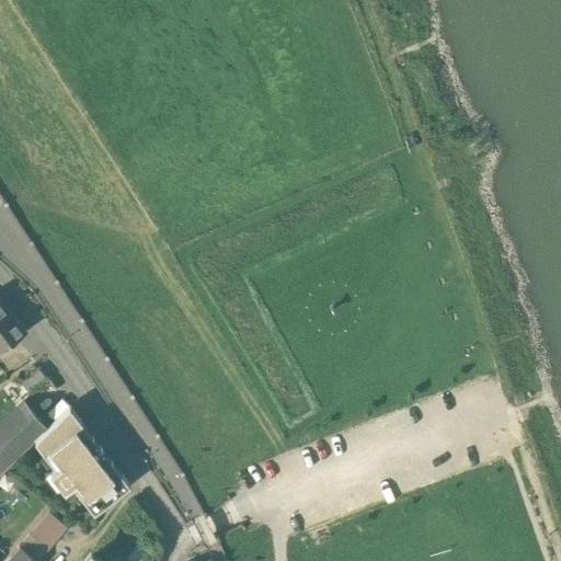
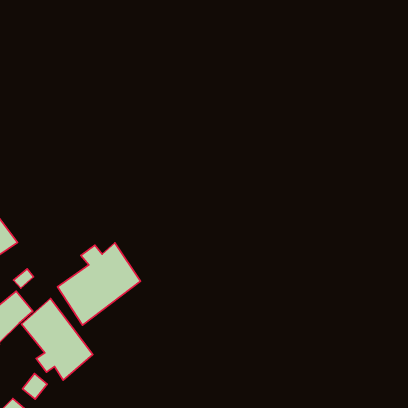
building: none -> [58,243,141,325]

